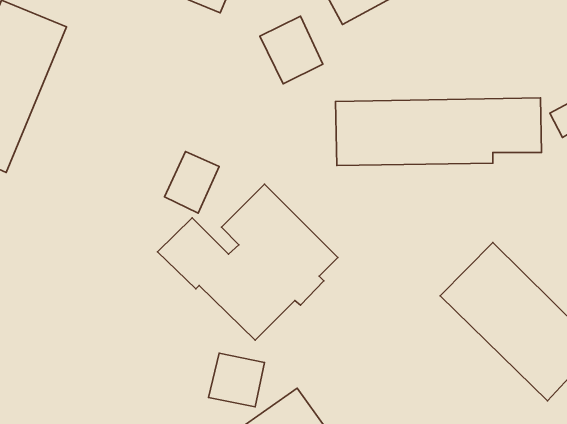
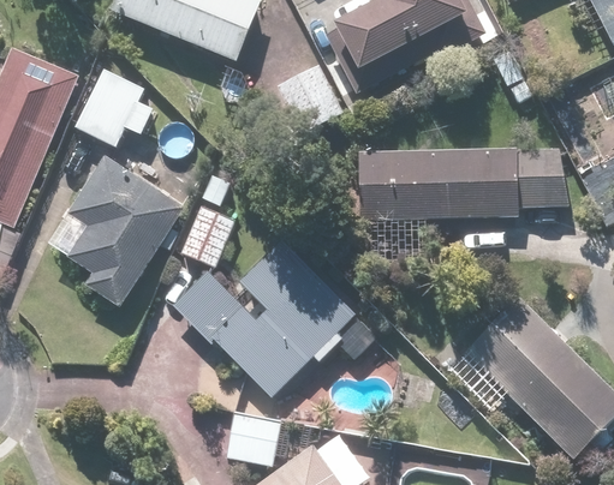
building: none -> [74,70,154,149]
building: none -> [67,158,184,309]

